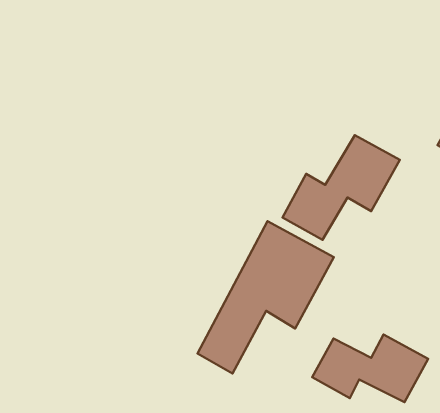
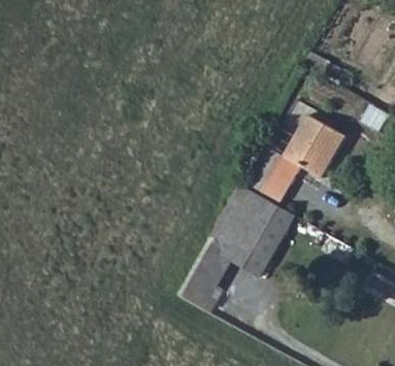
building: [312,334,428,402] -> none

